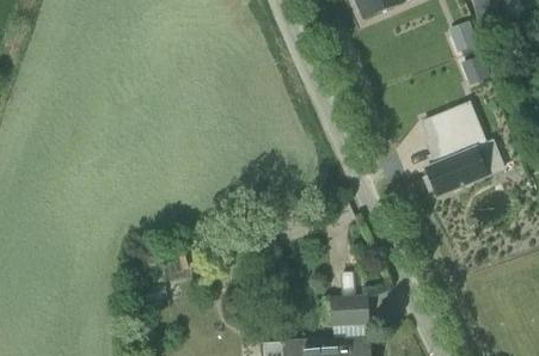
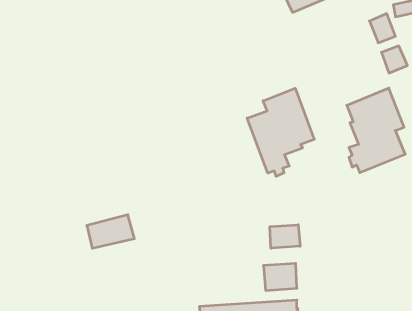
building: none -> [247,88,314,176]
building: none -> [270,225,300,248]

